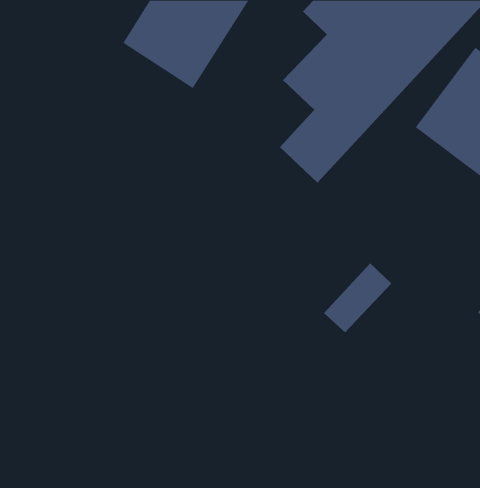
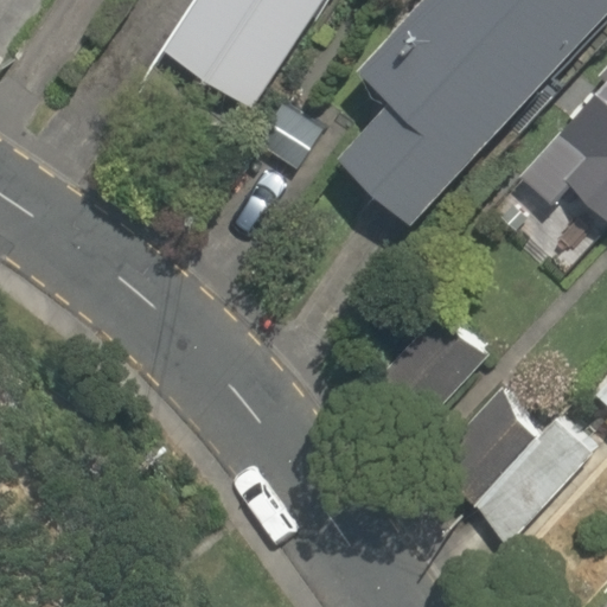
building: none -> [443,392,595,532]

